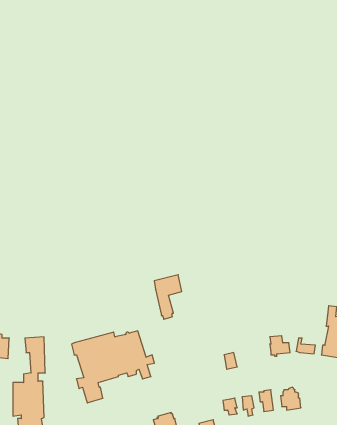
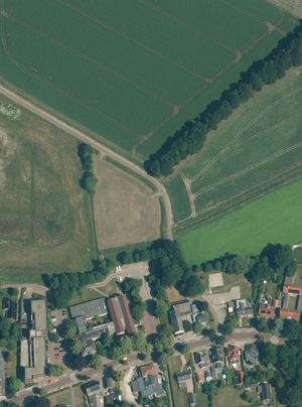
building: [154,275,182,319] -> [169,299,192,336]

